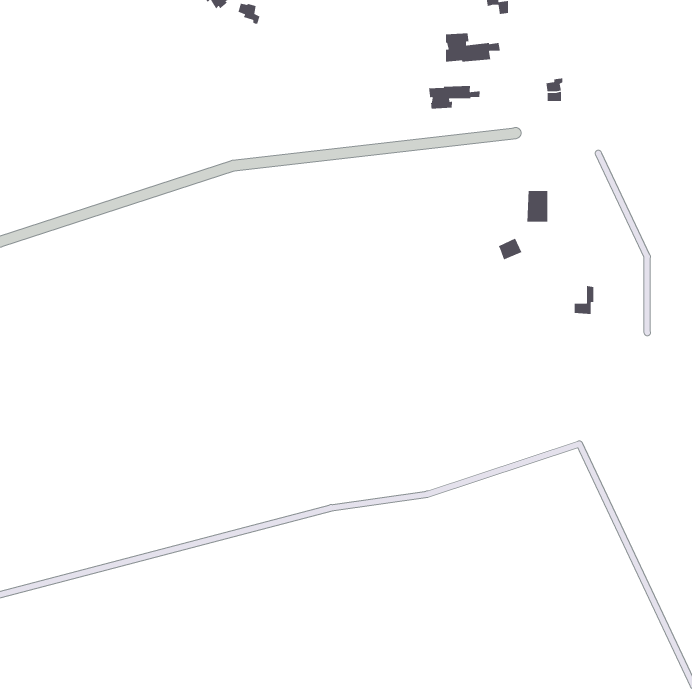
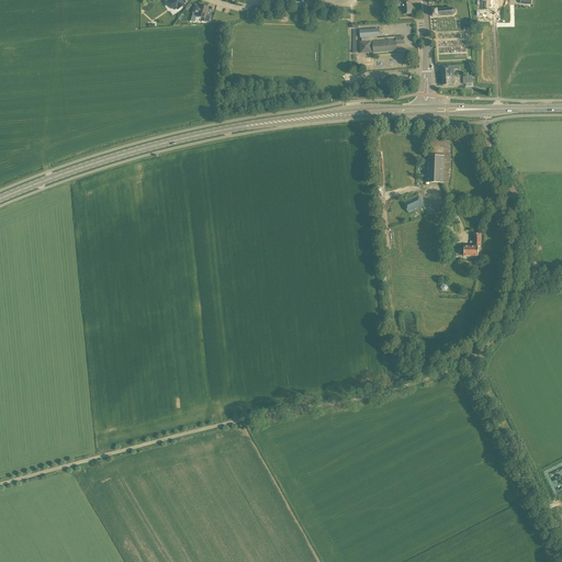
building: [428,85,481,109] -> none

